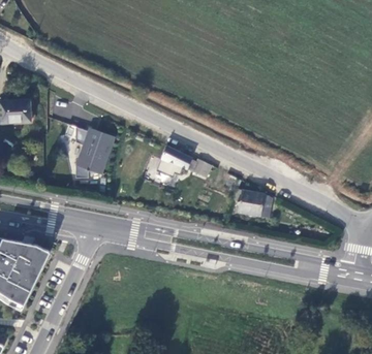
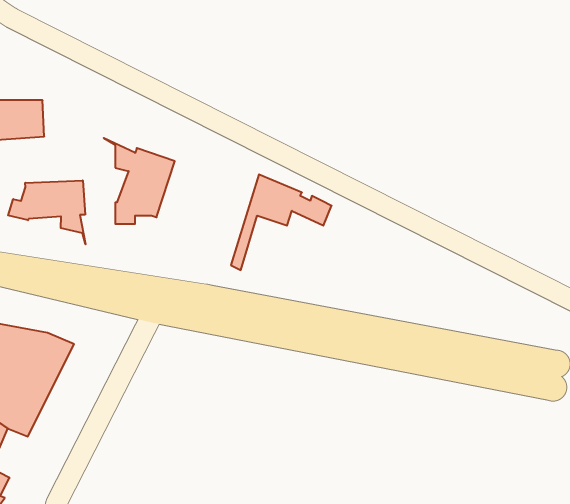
building: none -> [8,180,86,244]
building: [229,189,272,217] -> none

